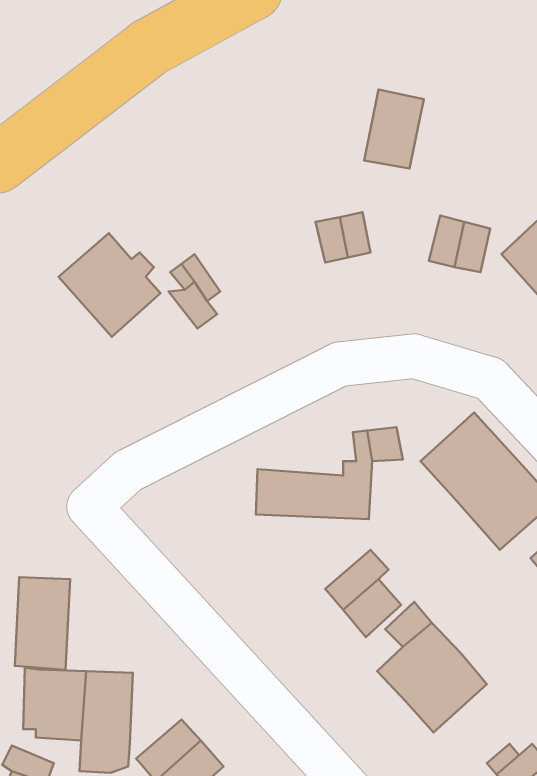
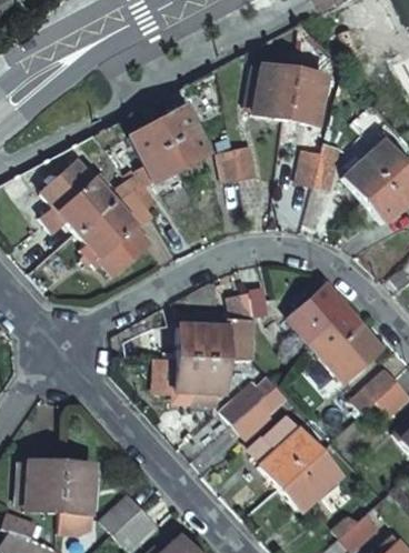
building: none -> [282,69,325,123]
building: none -> [131,108,207,181]
building: none -> [78,202,147,272]
building: none -> [157,353,227,399]
building: [15,577,70,670] -> none

